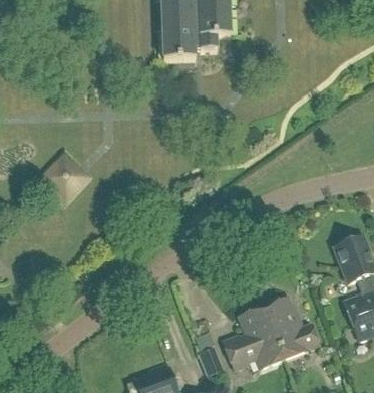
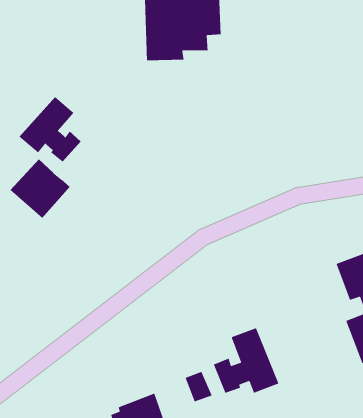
building: none -> [19,96,81,162]
building: [263,296,319,358] -> none

